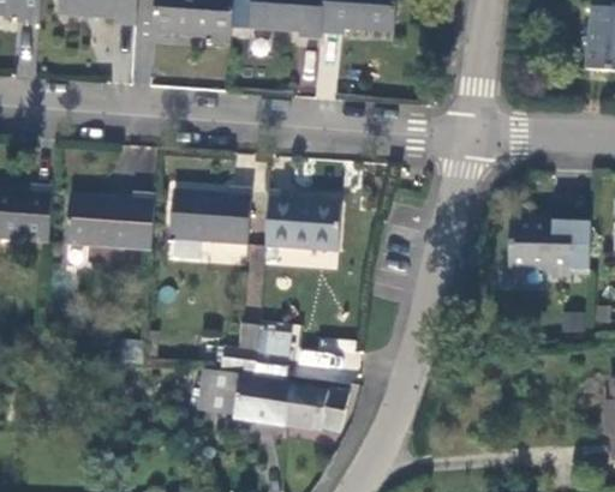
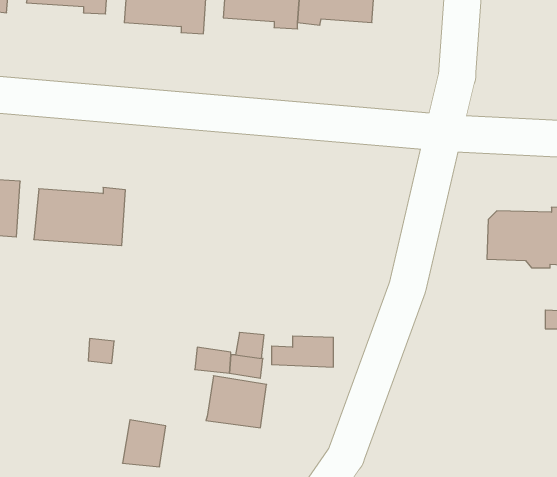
building: [169,190,251,245] -> none
building: [264,192,340,252] -> none
building: [197,370,239,415] -> [122,420,166,467]
building: [285,384,348,432] -> none

